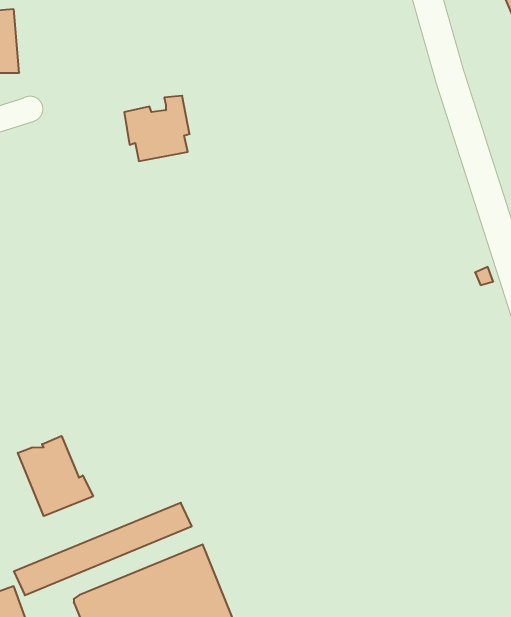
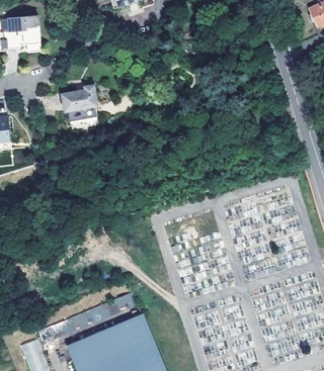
building: [124,96,190,161] -> [60,85,96,121]
building: [18,436,93,516] -> none

